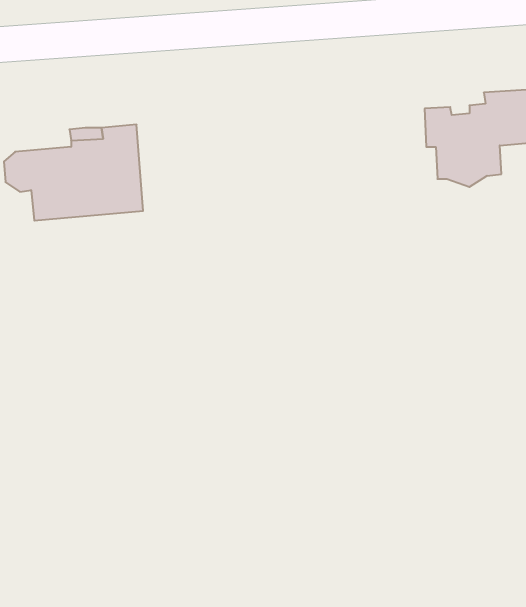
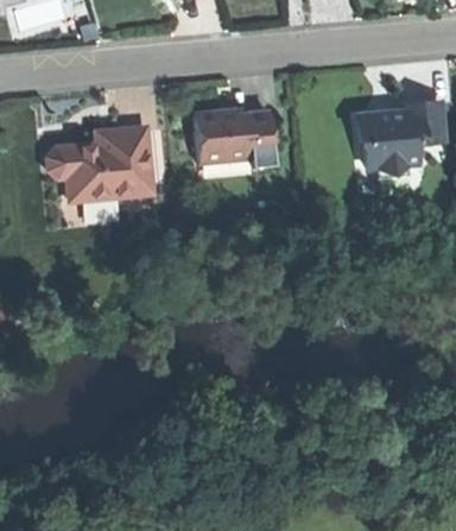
building: none -> [195,109,276,169]

